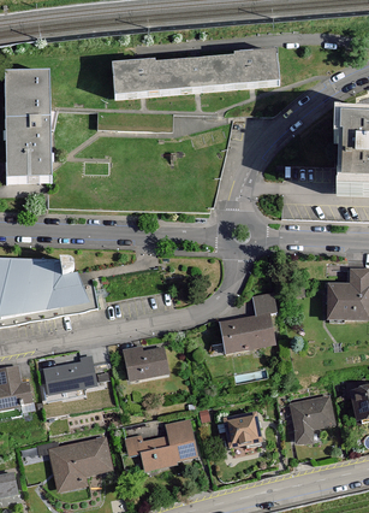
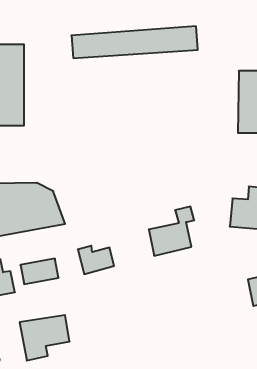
building: [288,394,337,447] -> none
building: [220,407,258,446] -> none
building: [121,417,200,472] -> none

